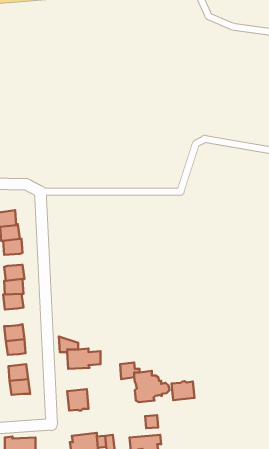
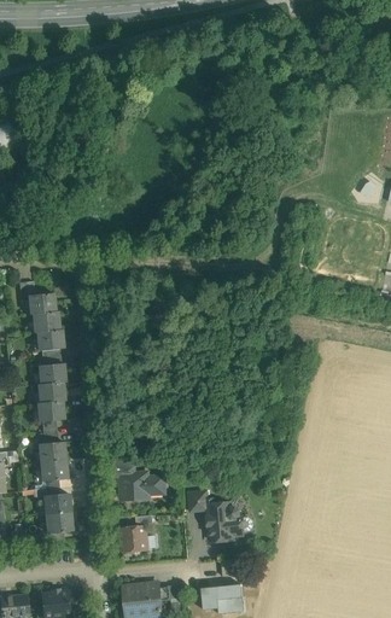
building: [171,381,195,400] -> none

